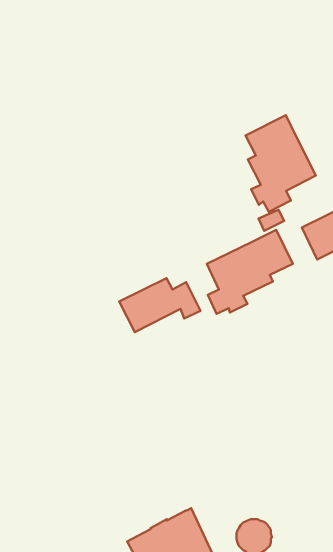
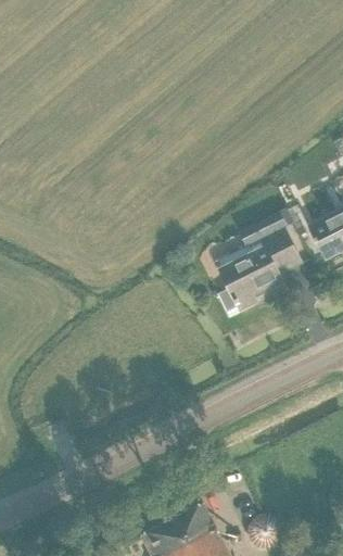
building: [245,115,316,212] -> none
building: [119,278,201,332] -> none

